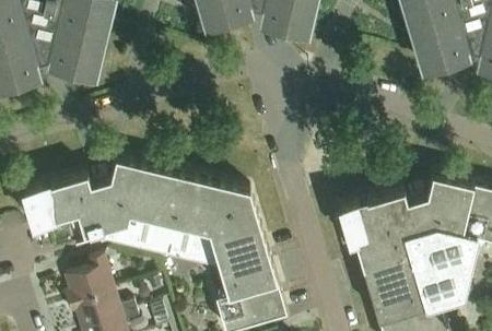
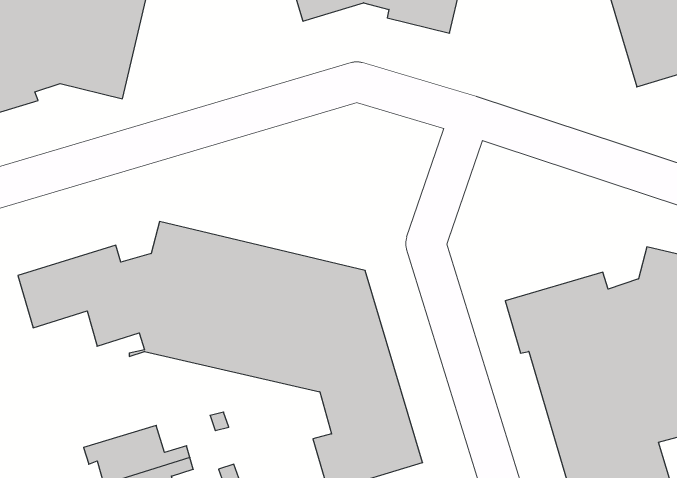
building: [66,259,115,306] -> none

